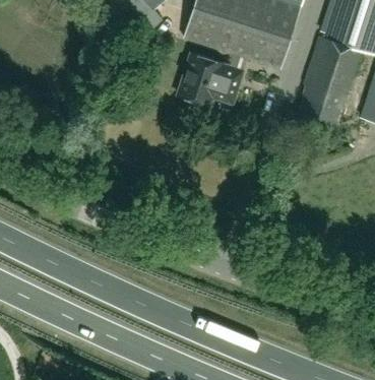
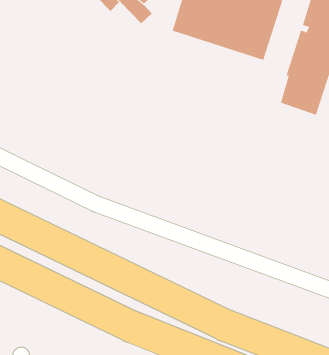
building: [177,52,243,105] -> none

